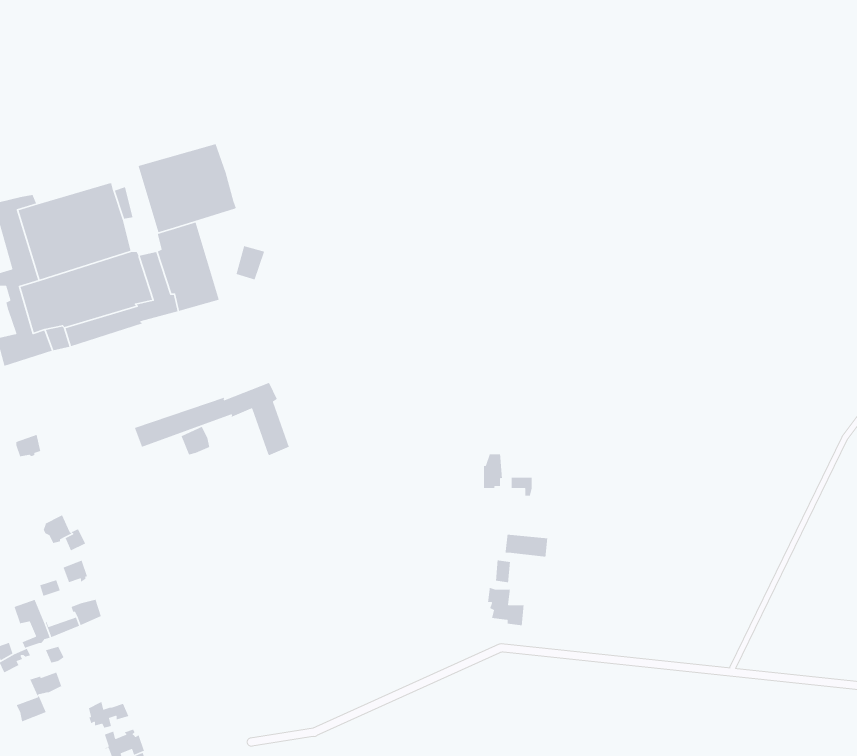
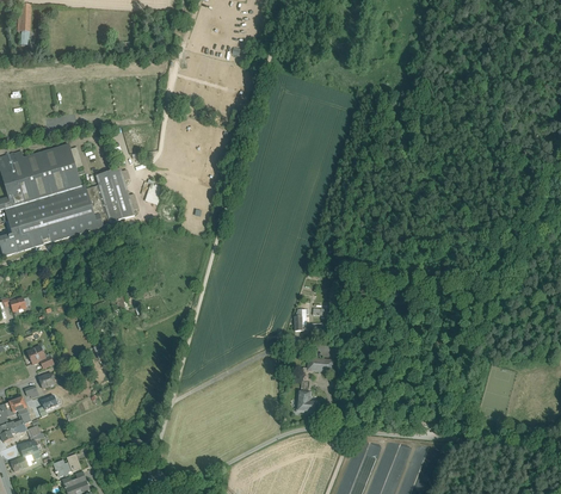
building: [138,143,237,233] -> none
building: [134,382,290,456] -> none

